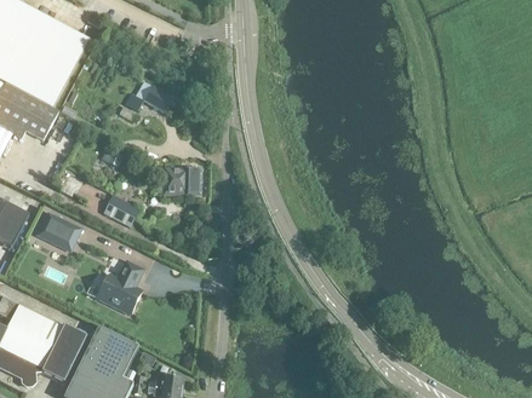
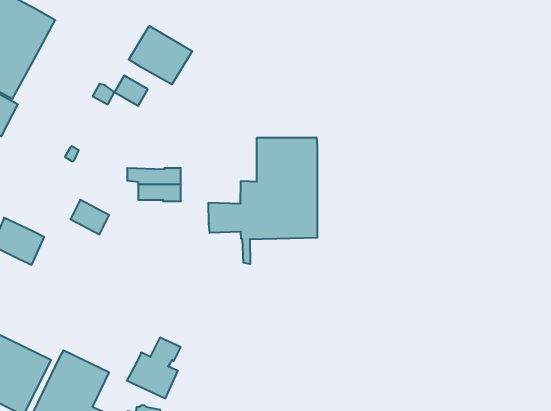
building: none -> [129,26,192,84]
building: none -> [209,137,317,264]
building: [95,261,142,315] -> [127,338,181,398]

